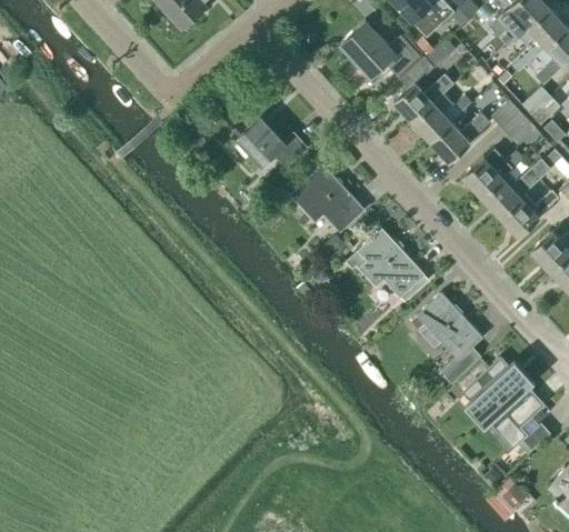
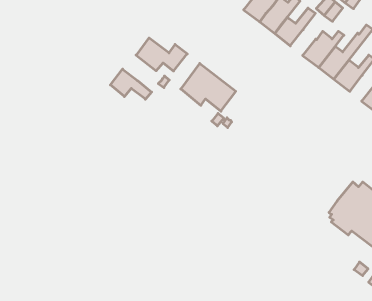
building: none -> [110,69,152,99]
building: [346,229,425,298] -> none
building: [417,293,482,383] -> none

